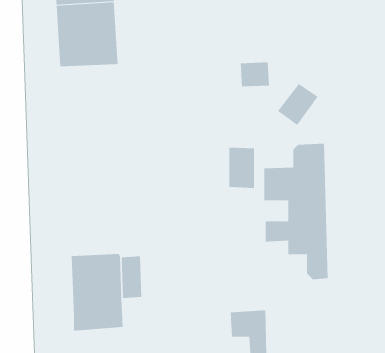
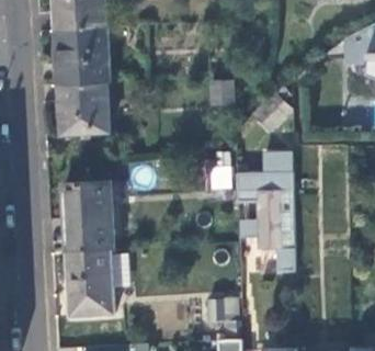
building: none -> [57,83,107,136]
building: none -> [64,181,113,251]

